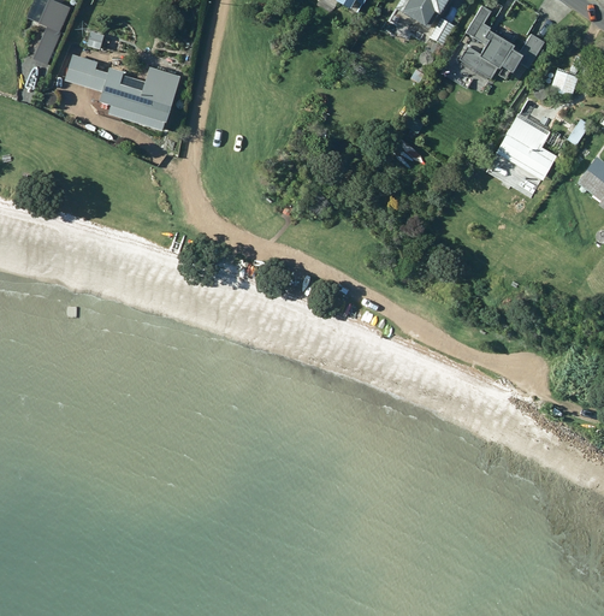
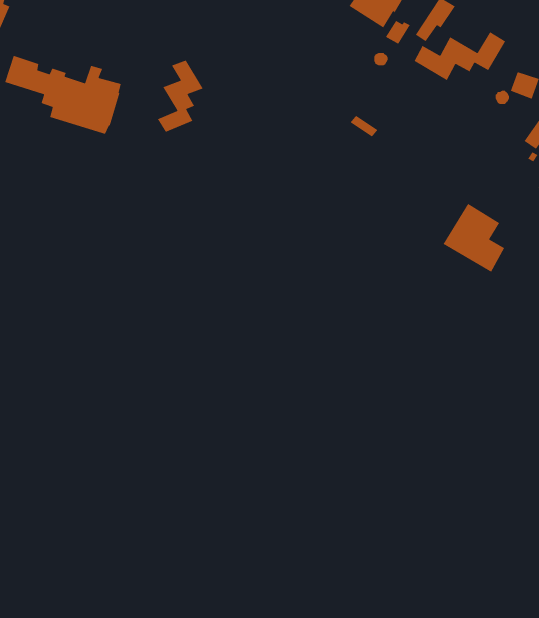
building: none -> [157,60,204,133]
building: [496,112,556,179] -> [443,203,505,273]

